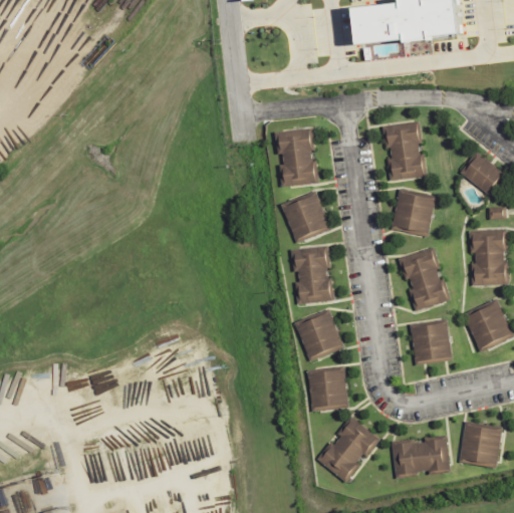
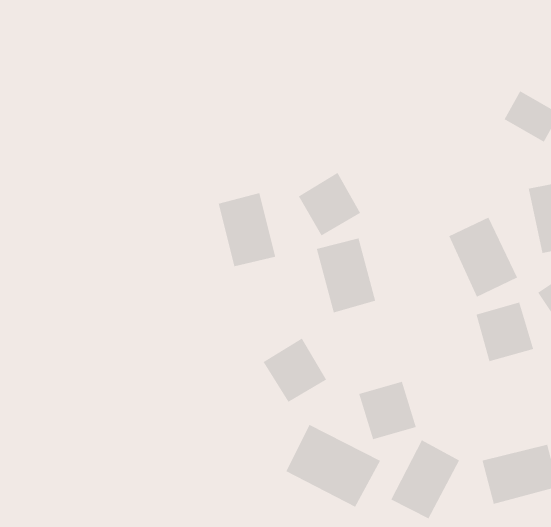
building: [382,121,425,180] -> none
building: [277,129,316,185] -> [218,192,276,267]
building: [391,189,435,236] -> none
building: [293,310,342,360] -> [262,338,327,403]
building: none -> [285,424,381,508]

